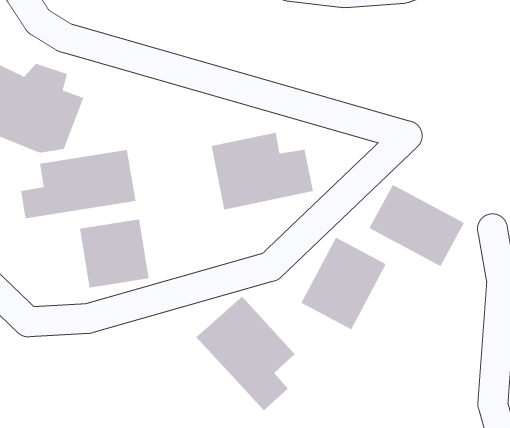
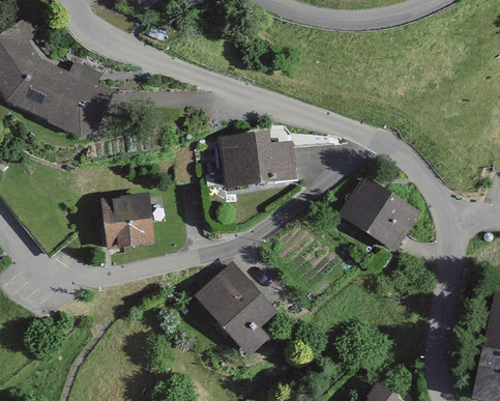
building: [20,149,136,219] -> none
building: [301,237,387,330] -> none

